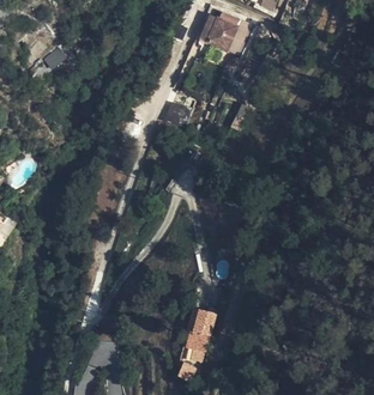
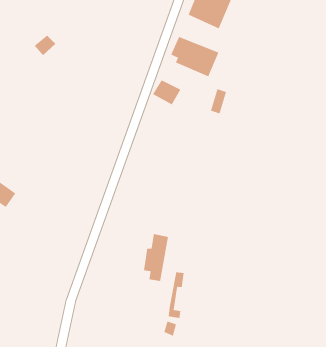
building: none -> [170,36,219,77]
building: [189,311,217,363] -> [143,234,169,282]

